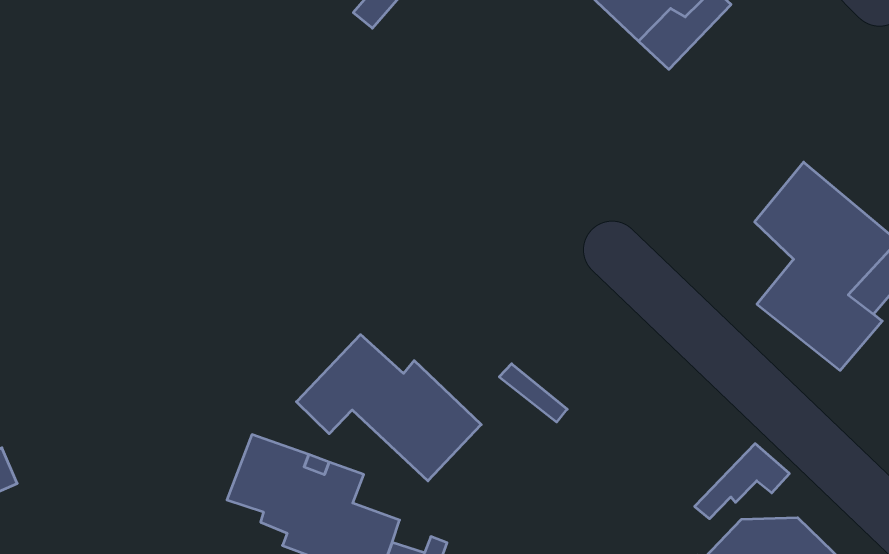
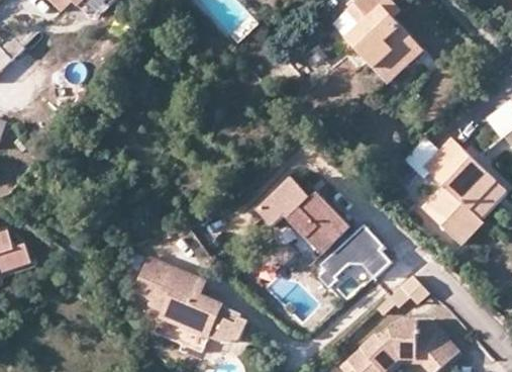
building: [296,335,481,481] -> [252,170,346,249]
building: none -> [317,227,390,290]

